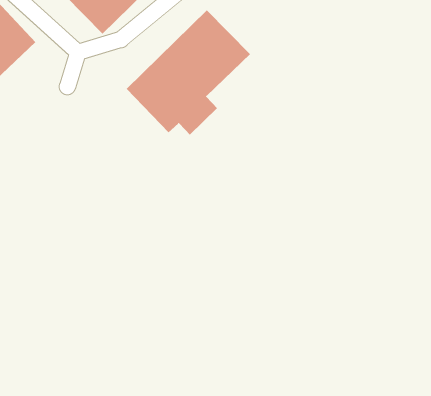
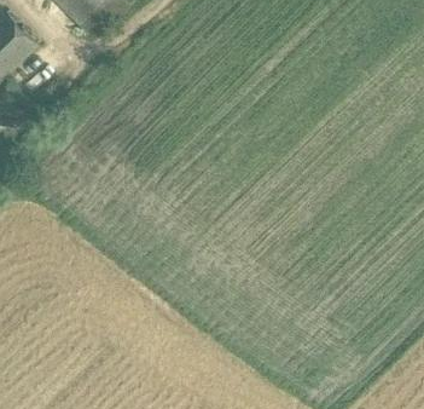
building: [126,10,251,136] -> none

